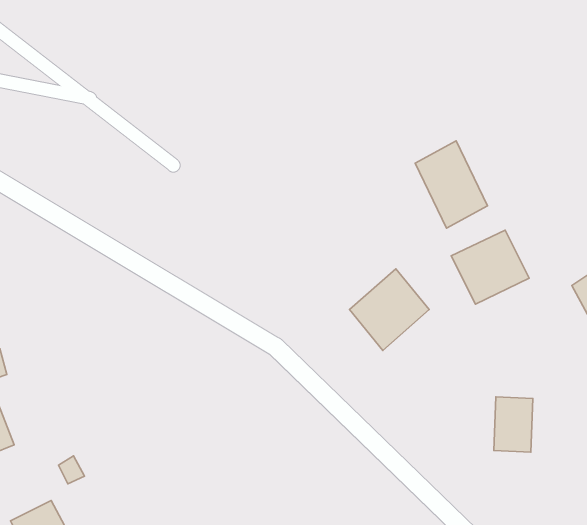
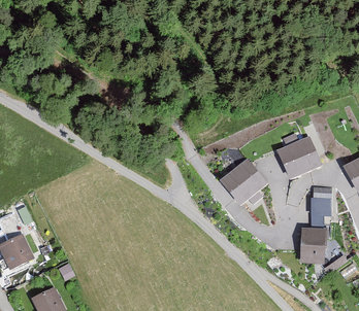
building: [415,141,488,228] -> none
building: none -> [311,187,330,215]

